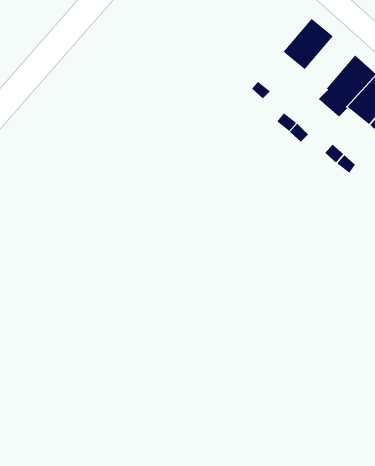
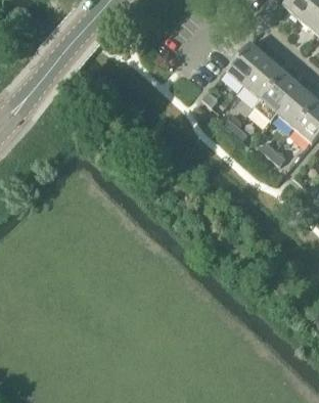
building: none -> [244,58,283,99]

